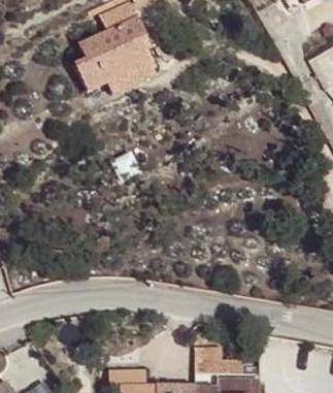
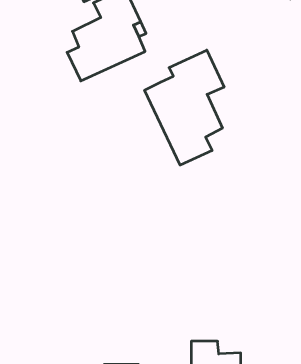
building: none -> [145,50,224,165]

